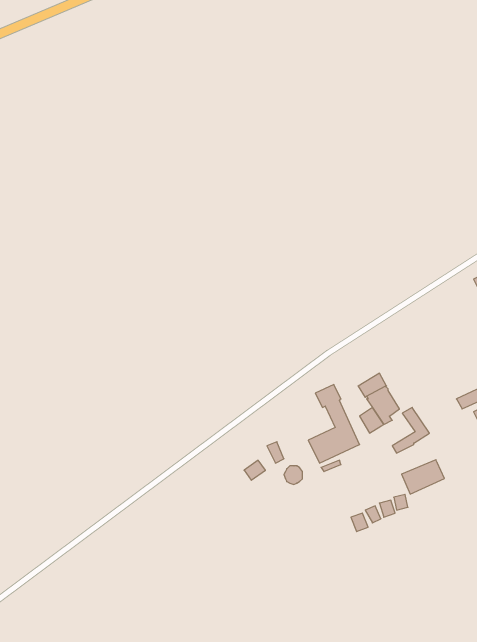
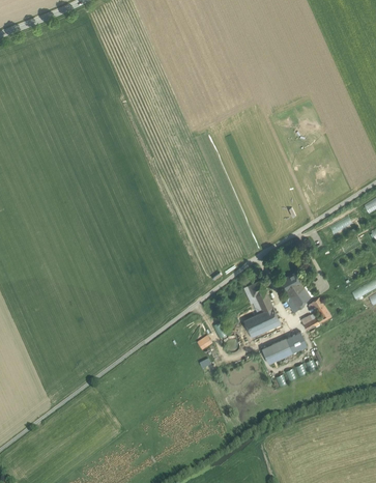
building: [402,460,444,494] -> [262,339,293,364]

